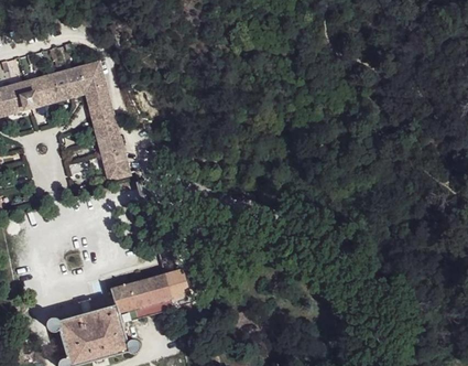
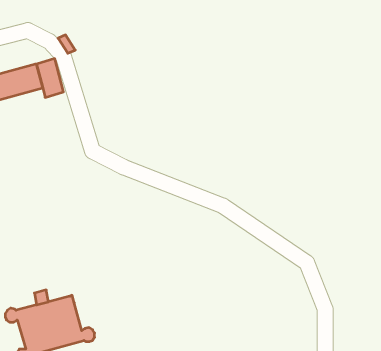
building: [88,96,128,177] -> none
building: [110,270,179,312] -> none

